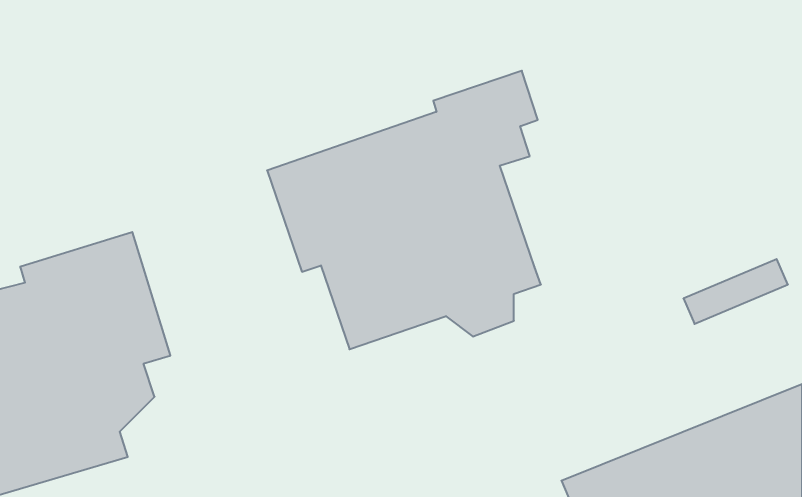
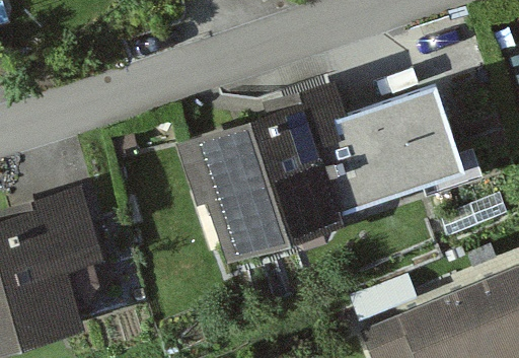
building: none -> [322,82,463,206]

